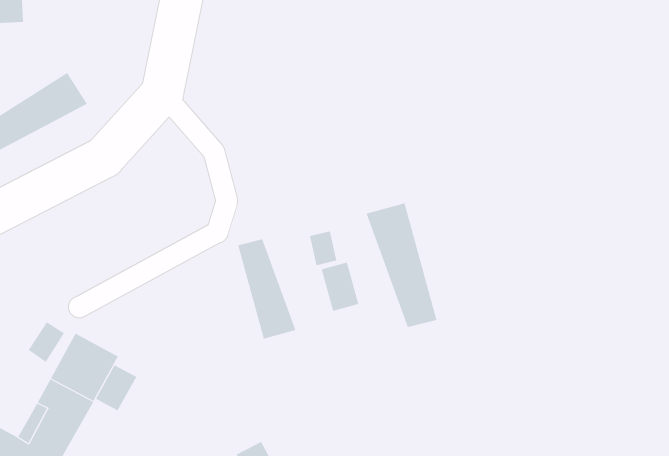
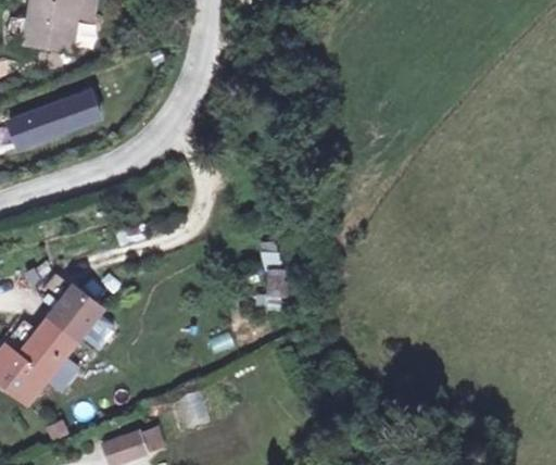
building: [366,203,437,328] -> none
building: [238,238,296,339] -> none

